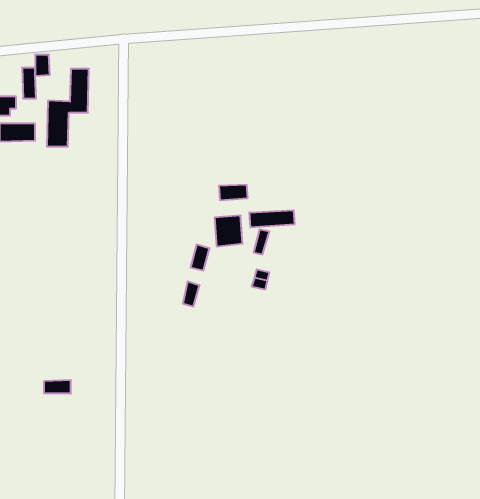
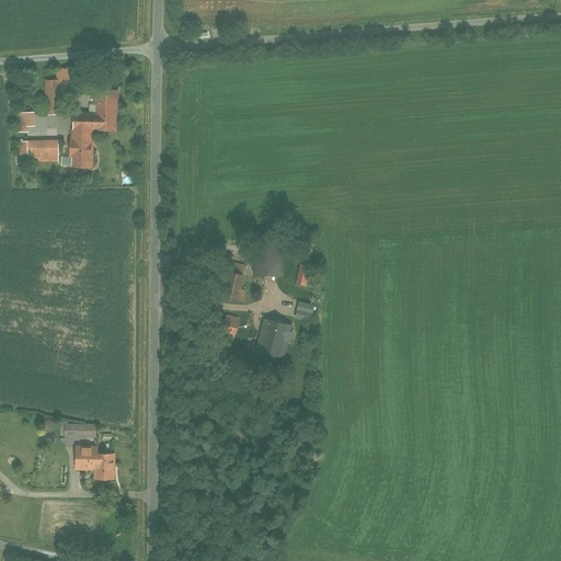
building: [219,185,247,200] -> none
building: [249,210,294,228] -> none
building: none -> [255,318,291,360]
building: none -> [77,446,115,479]

